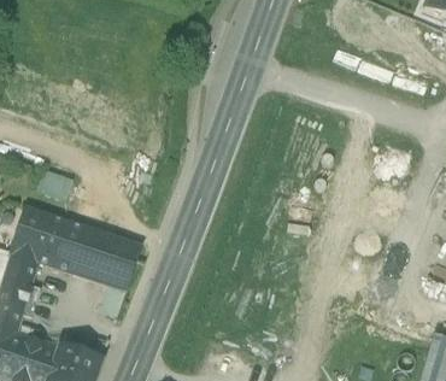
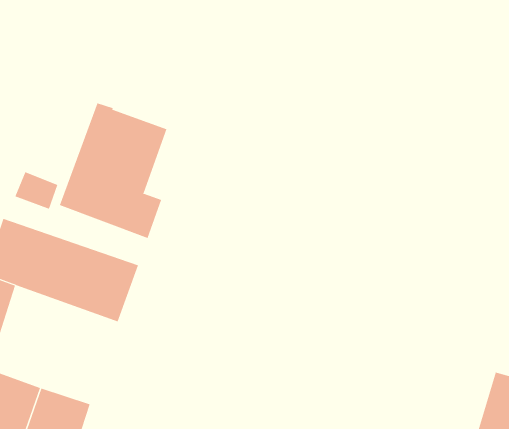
building: none -> [59,103,167,239]

